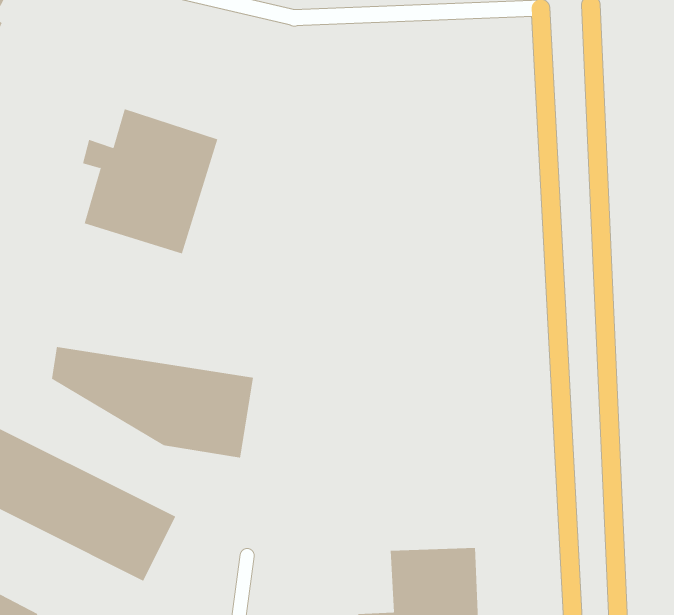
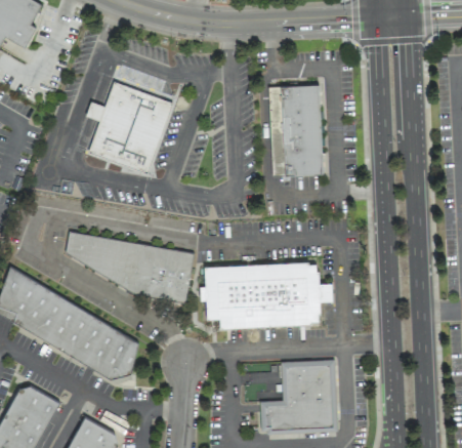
building: none -> [268,85,323,176]
building: none -> [200,262,332,328]

